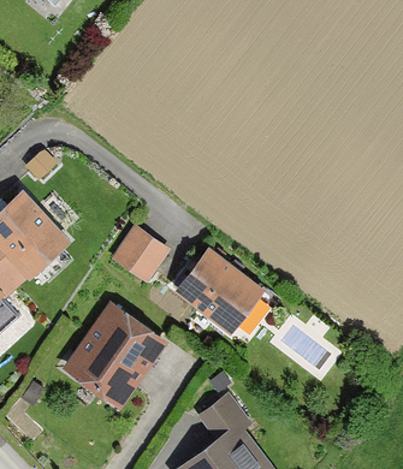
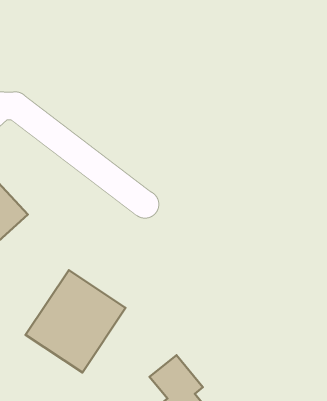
building: [113,226,171,283] -> none
building: [173,245,263,332] -> none

